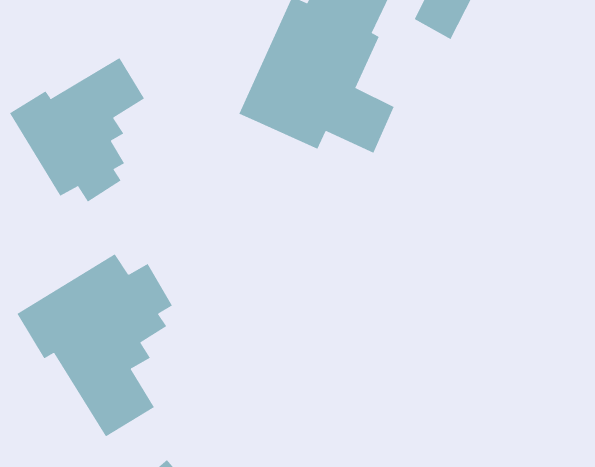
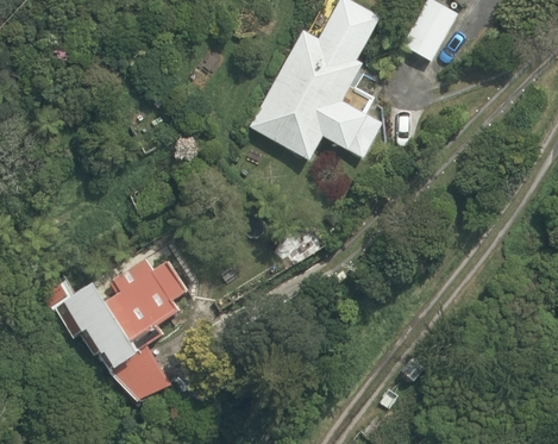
building: [9,57,145,203] -> none

